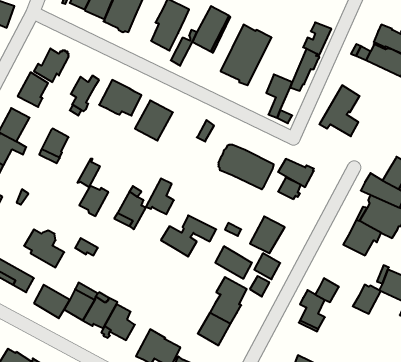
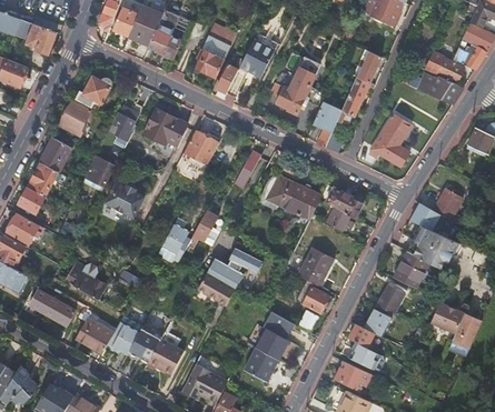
building: [79,186,108,216] -> [103,182,133,213]
building: [215,246,252,279] -> [197,272,235,305]
building: [353,285,381,314] -> [376,284,405,314]
building: none -> [336,361,369,388]

